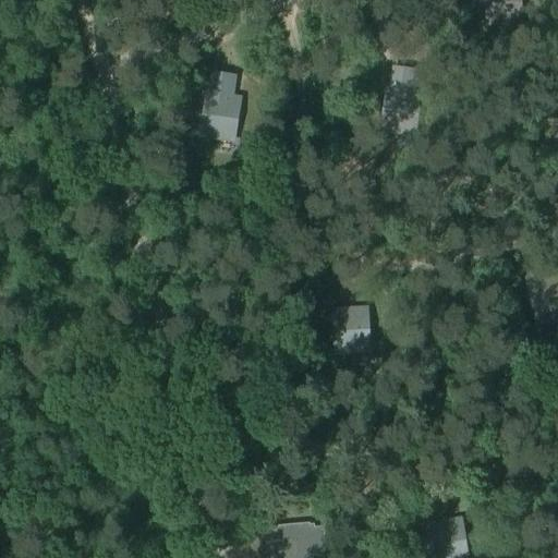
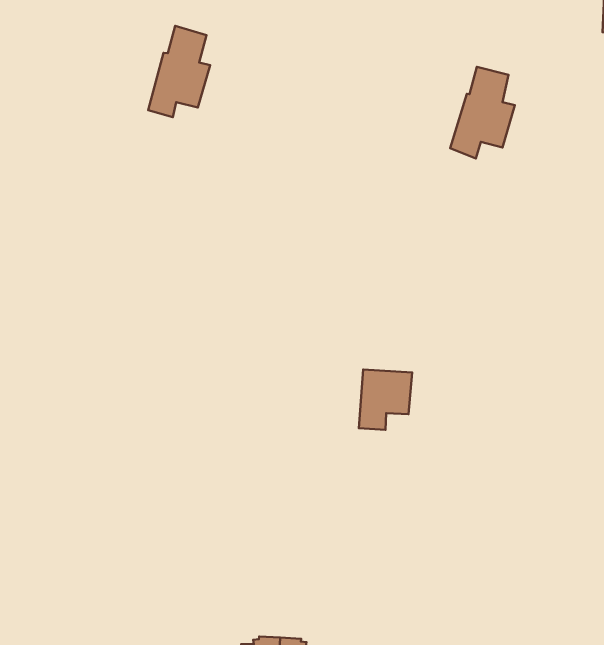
building: [199,69,243,140] -> [148,26,210,117]

